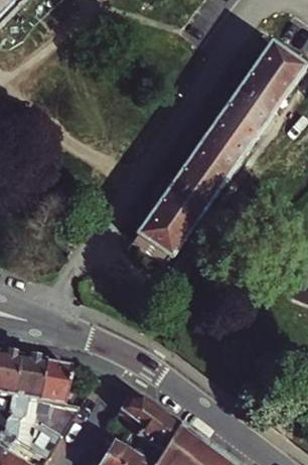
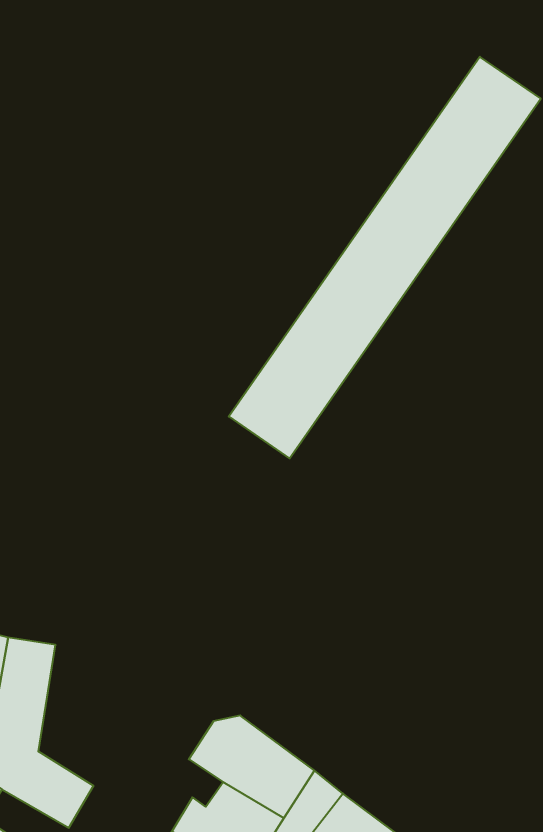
building: [33,360,80,435] -> none

